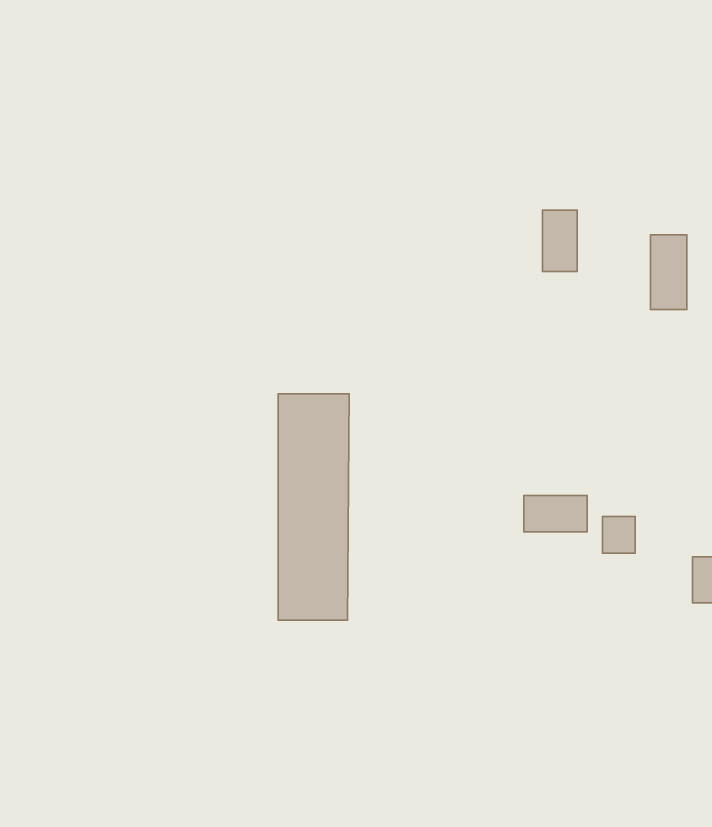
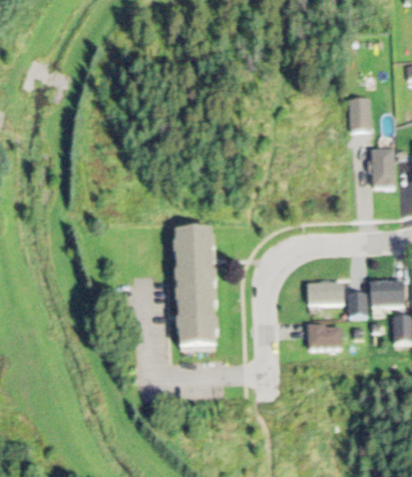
building: [543,210,577,272] -> [353,97,371,129]
building: none -> [370,284,401,305]
building: none -> [310,327,341,348]

